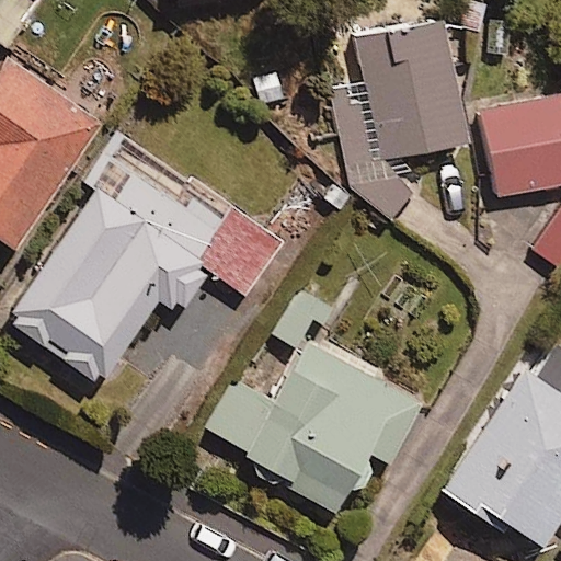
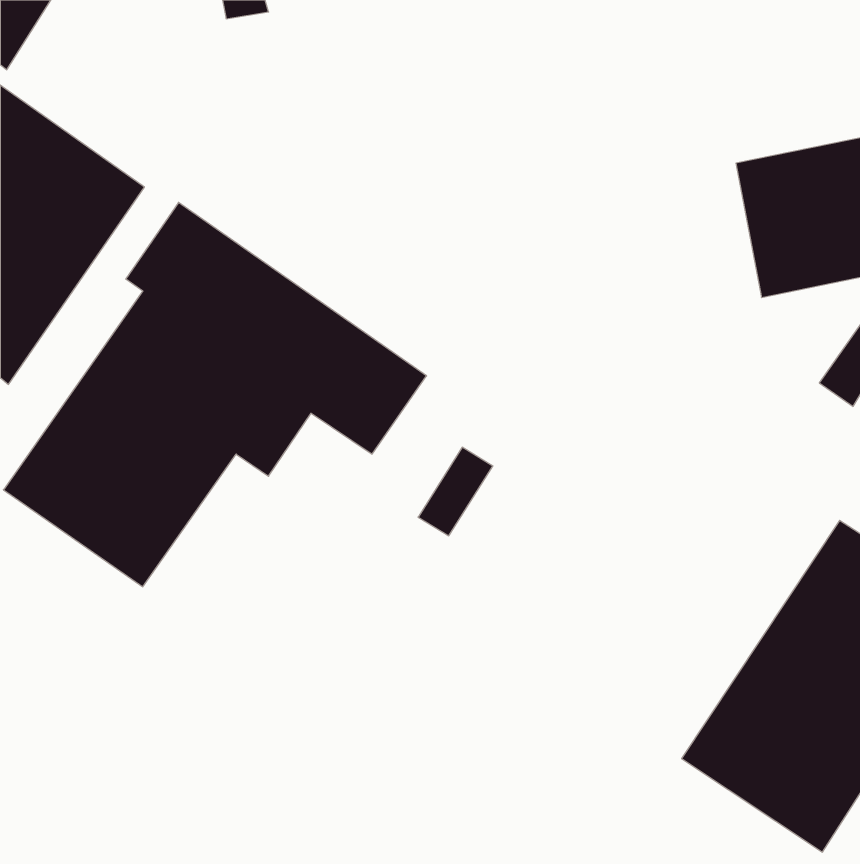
building: [360,25,465,157] -> none
building: [207,337,421,512] -> none

